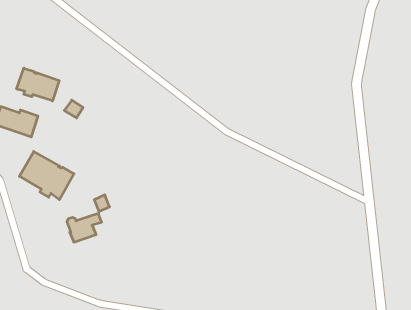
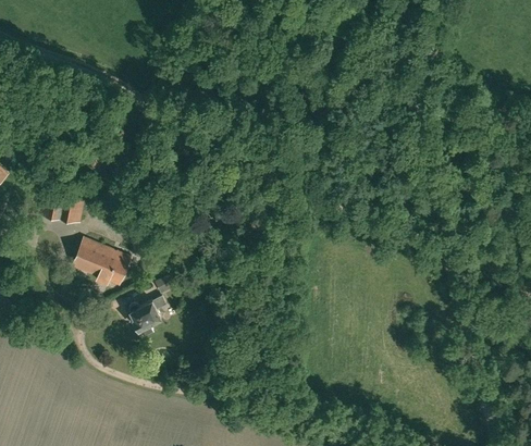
building: [17,68,59,101] -> none

